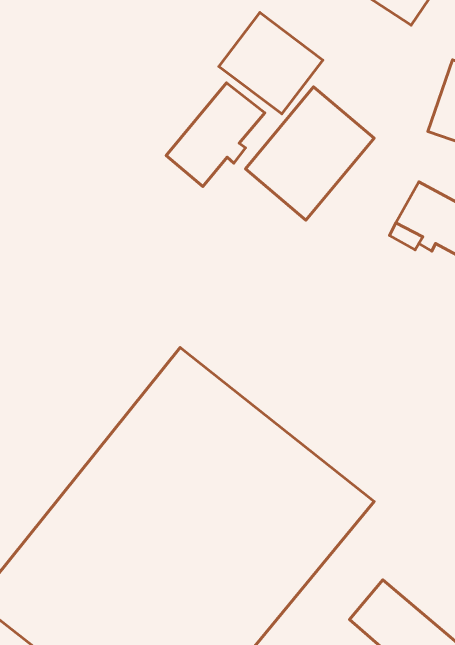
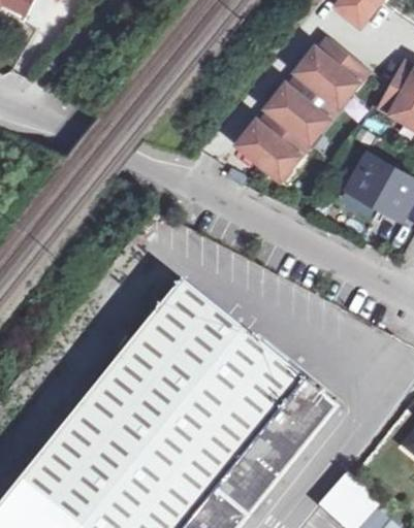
building: [219,13,323,114] -> [286,32,370,113]
building: [166,83,265,187] -> none

